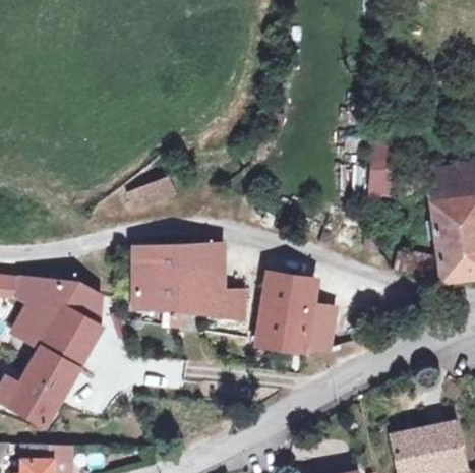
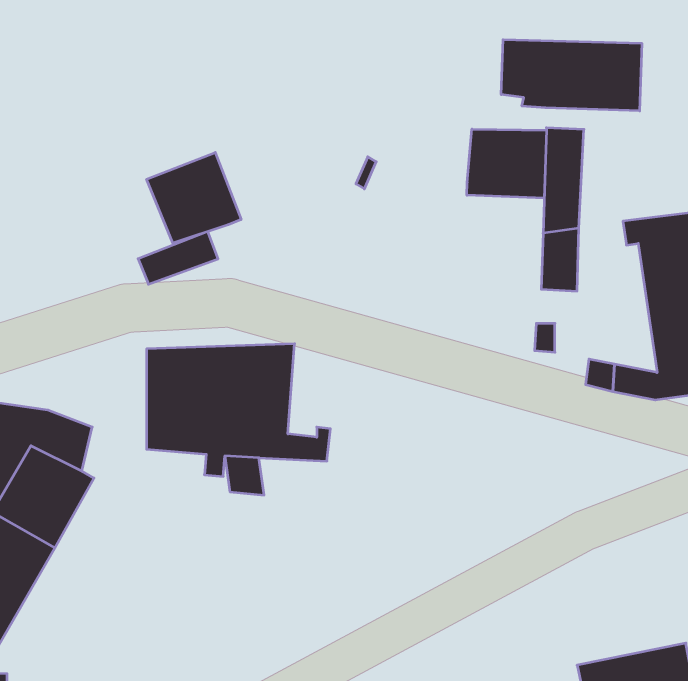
building: none -> [501,40,642,111]
building: none -> [467,129,546,198]
building: none -> [147,152,241,243]
building: [261,274,334,347] -> none

